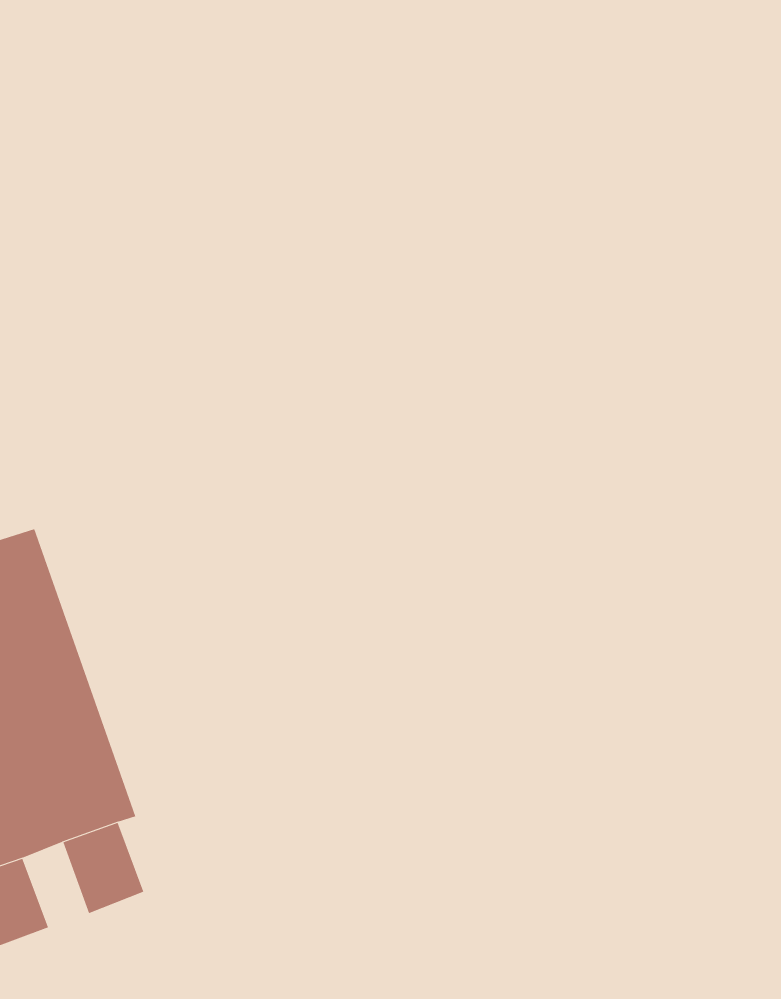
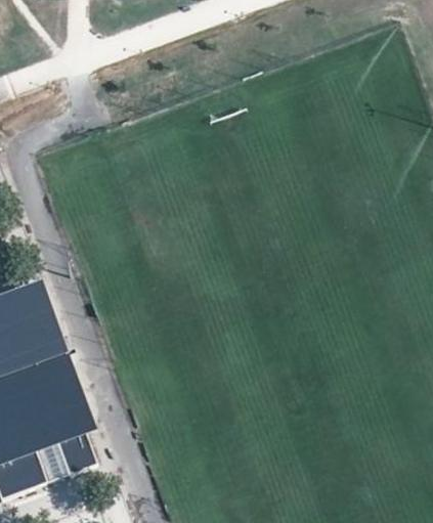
building: none -> [34,439,68,483]

